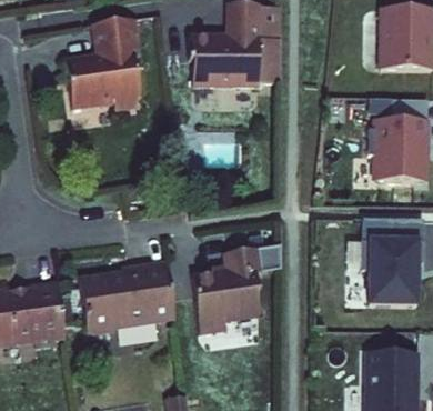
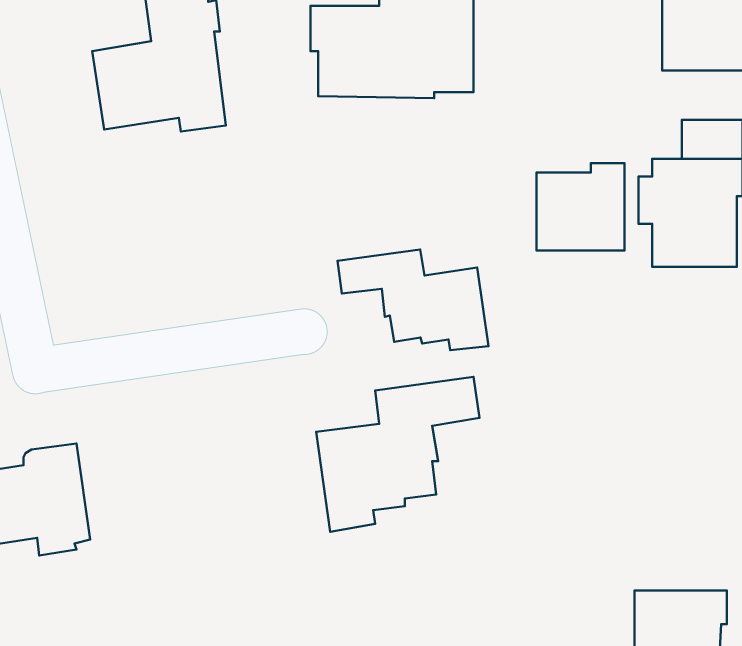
building: none -> [537,163,624,251]
building: none -> [337,249,489,350]
building: [364,251,426,315] -> none
building: [79,260,173,332] -> none

